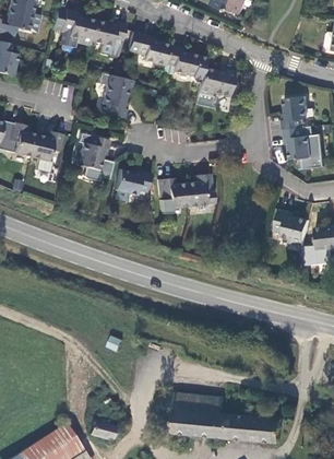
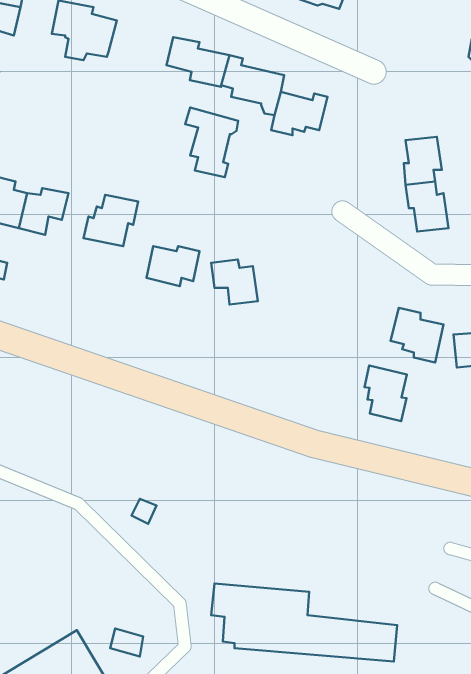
building: [87,21,123,56] -> none
building: [96,72,131,118] -> [185,107,238,177]
building: [182,174,212,205] -> none
building: none -> [365,366,407,421]

